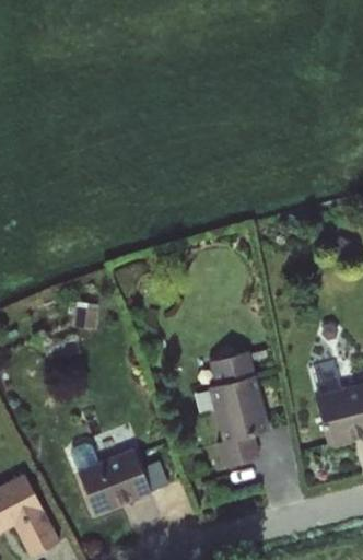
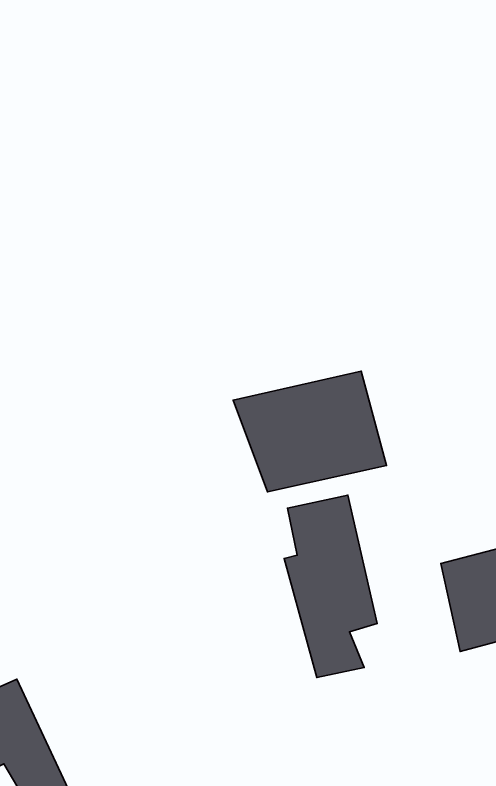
building: none -> [233,371,387,492]
building: [75,451,150,515] -> none

